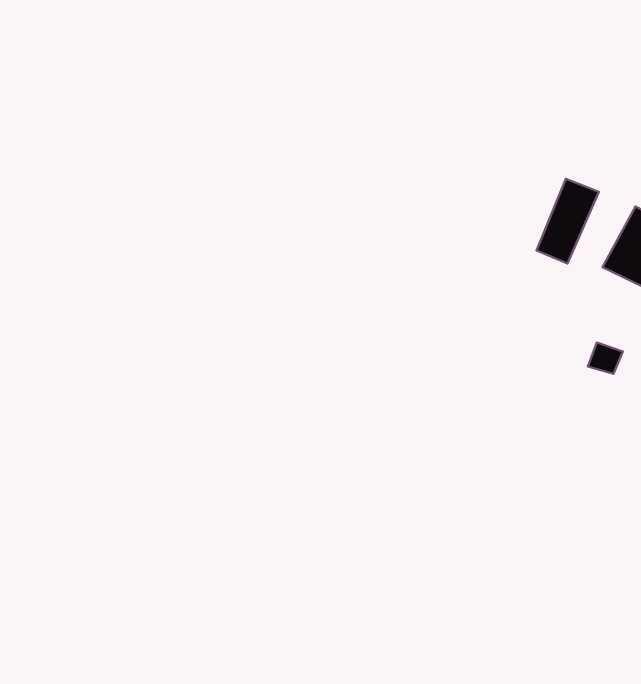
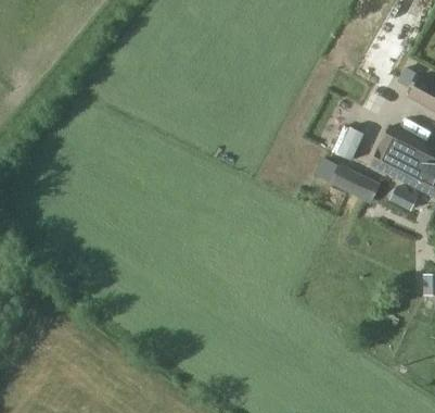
building: none -> [329,167,375,204]

